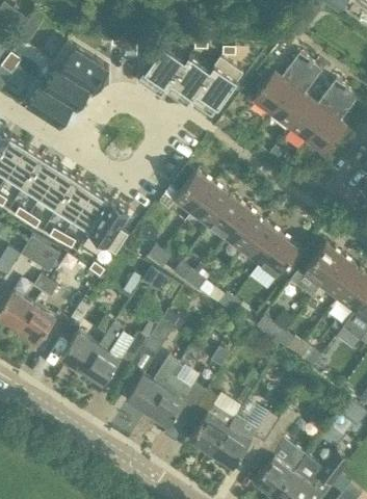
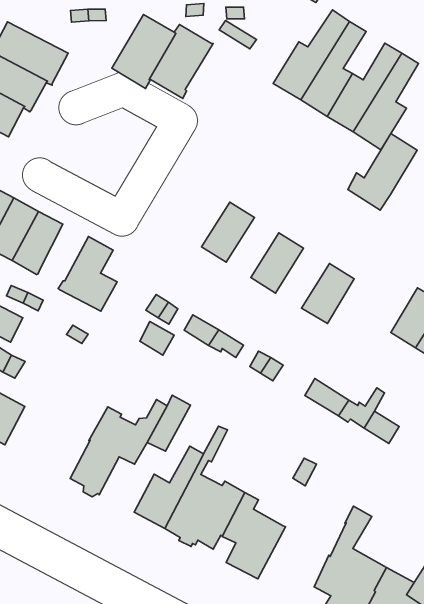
building: [189,64,238,117] -> none
building: [165,167,214,215] -> none
building: [75,190,111,231] -> none
building: [208,198,247,240] -> none
building: [241,222,282,265] -> none
building: [291,244,343,298] -> [348,133,417,210]
building: [61,333,100,372] -> none
building: [211,401,278,469] -> none

